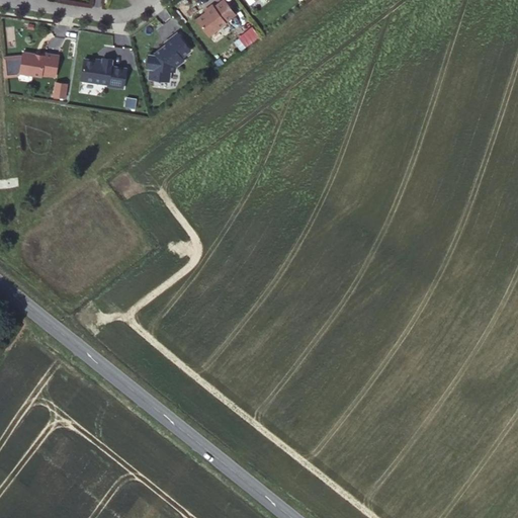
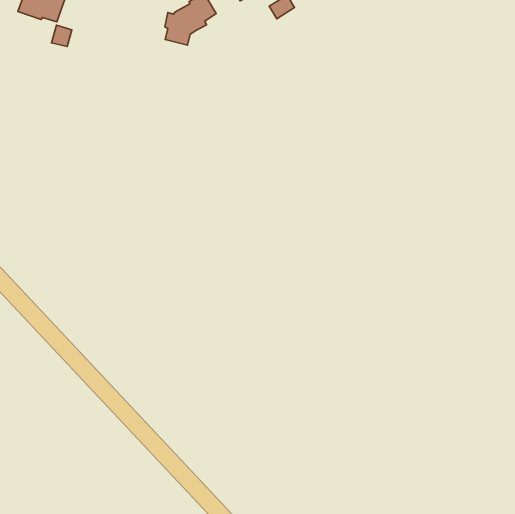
building: [80,58,125,88] -> none

